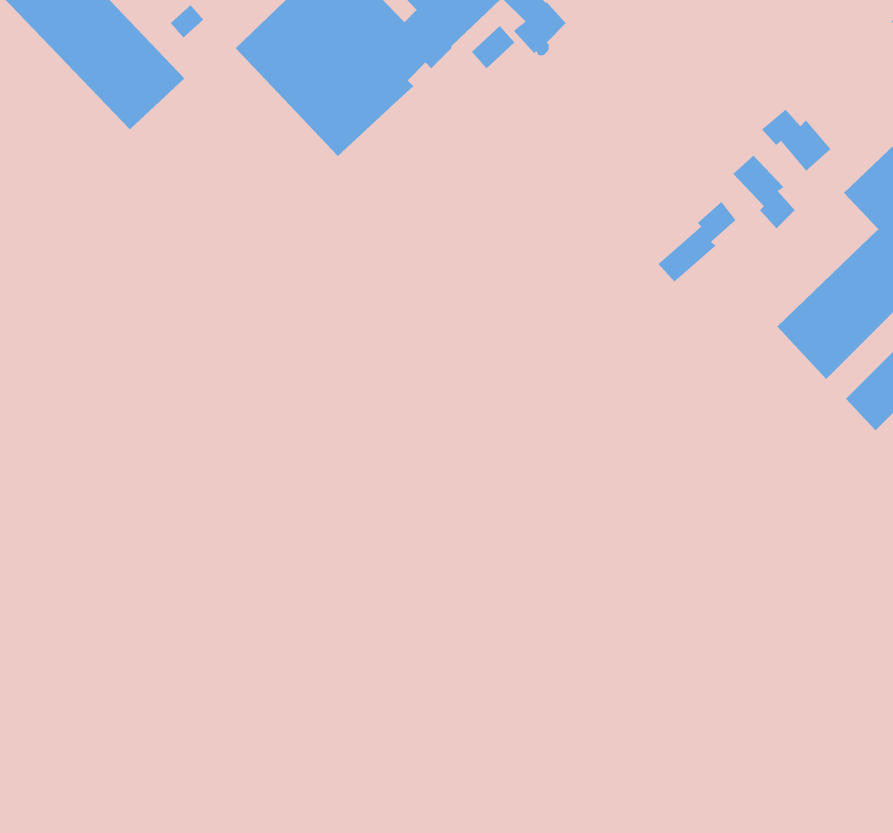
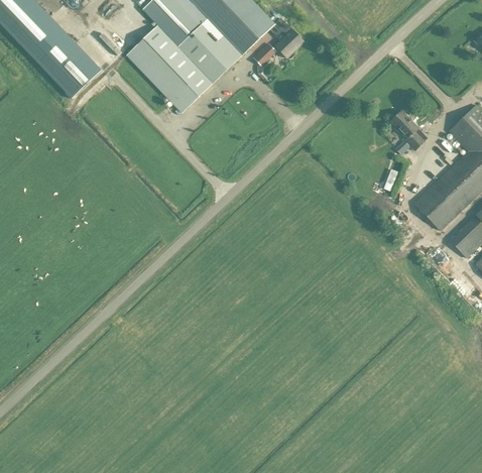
building: [761,109,831,172] -> none
building: [658,201,736,283] -> none

